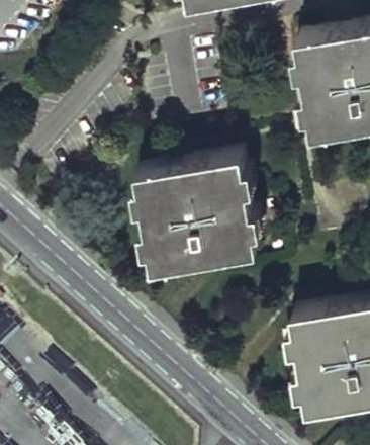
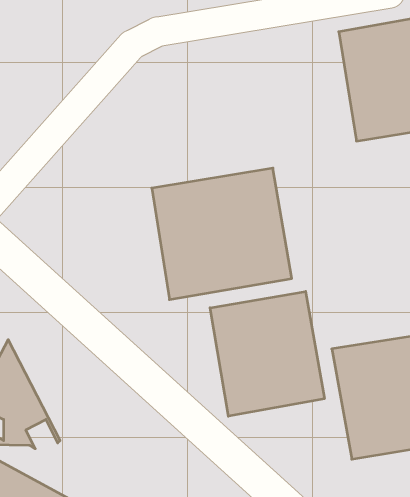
building: none -> [210,291,324,416]

